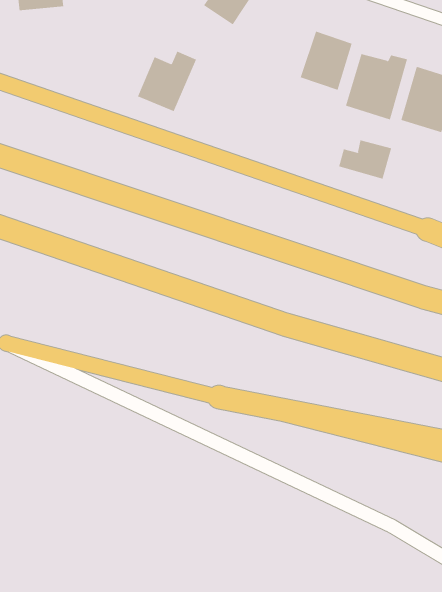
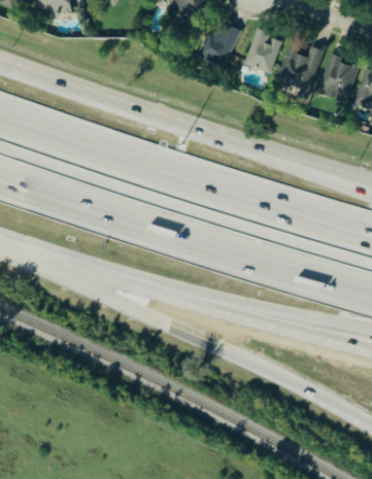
building: [137,51,197,112] -> [197,23,240,67]
building: [338,139,392,180] -> none

